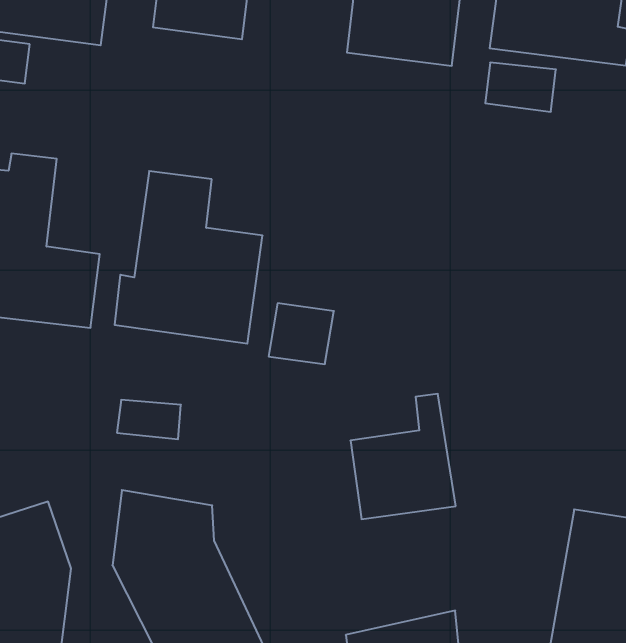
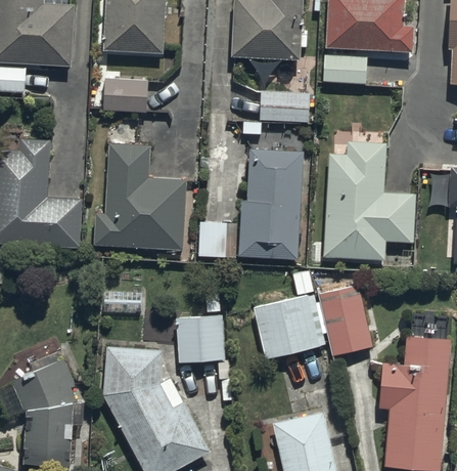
building: none -> [100,77,147,112]
building: none -> [257,90,309,123]
building: none -> [322,134,414,260]
building: none -> [244,152,304,262]
building: none -> [174,292,224,362]
building: none -> [317,284,372,356]

